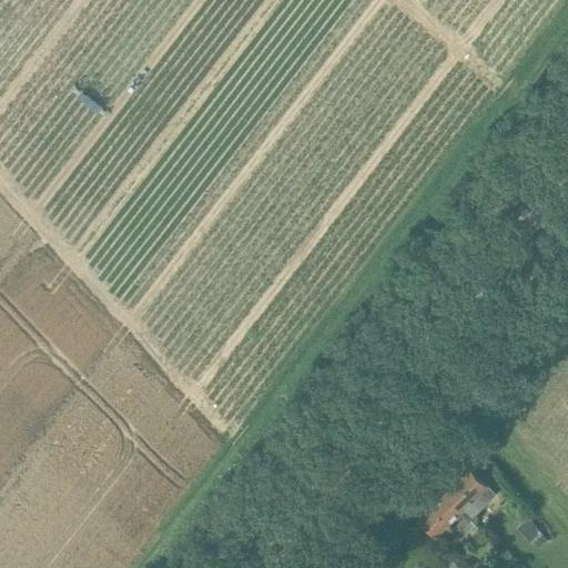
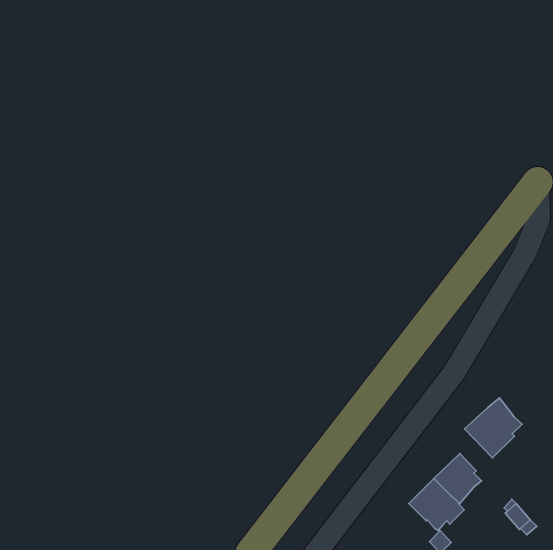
building: none -> [465,398,522,458]

